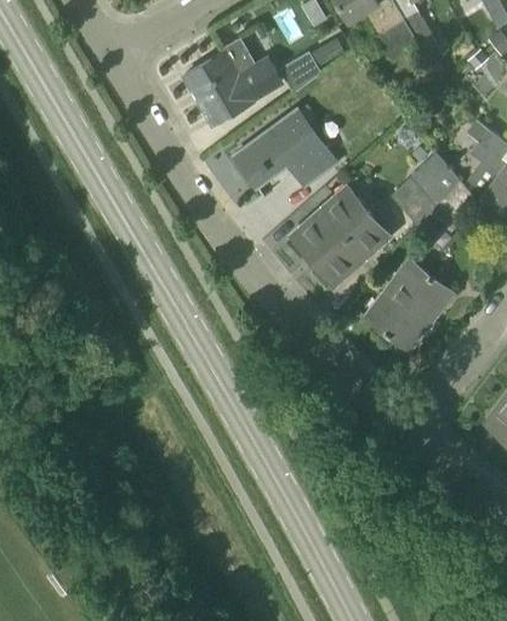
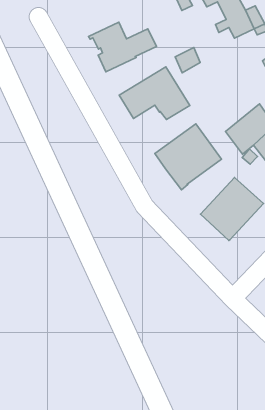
building: [281,53,318,91] -> [175,47,200,73]

